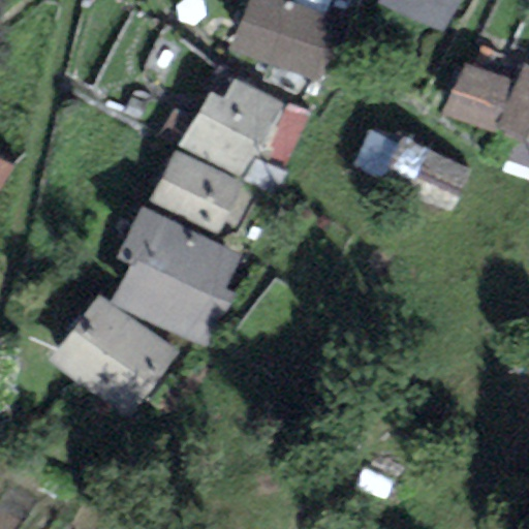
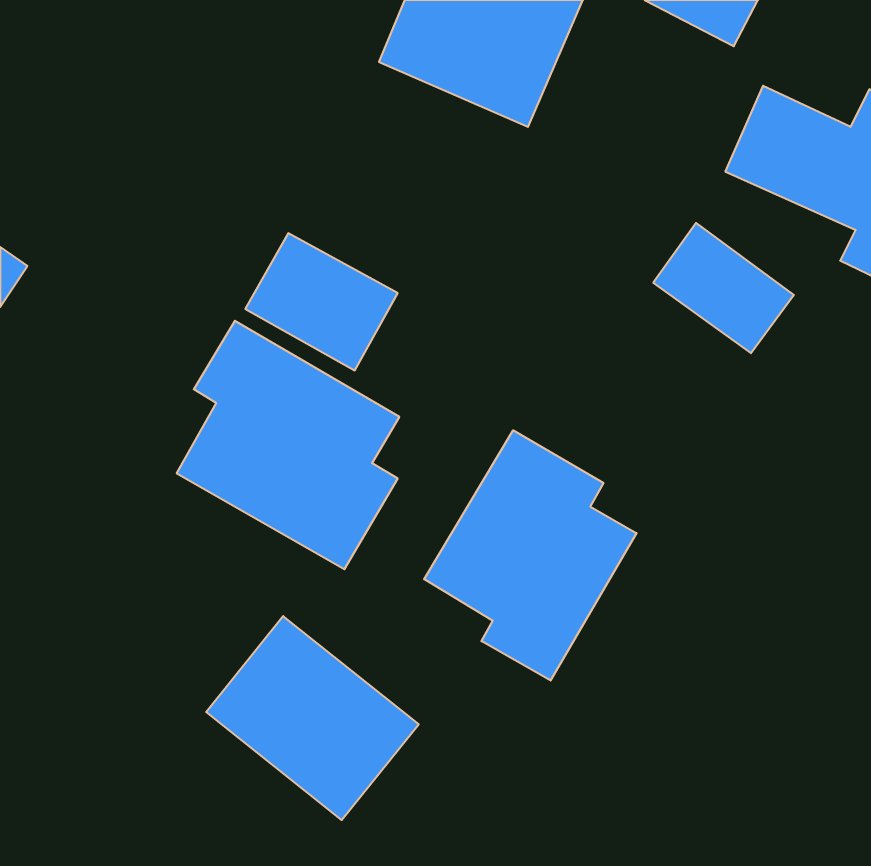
building: [179,75,293,183] -> none
building: none -> [424,430,637,681]
building: [51,290,179,413] -> [206,616,419,820]

